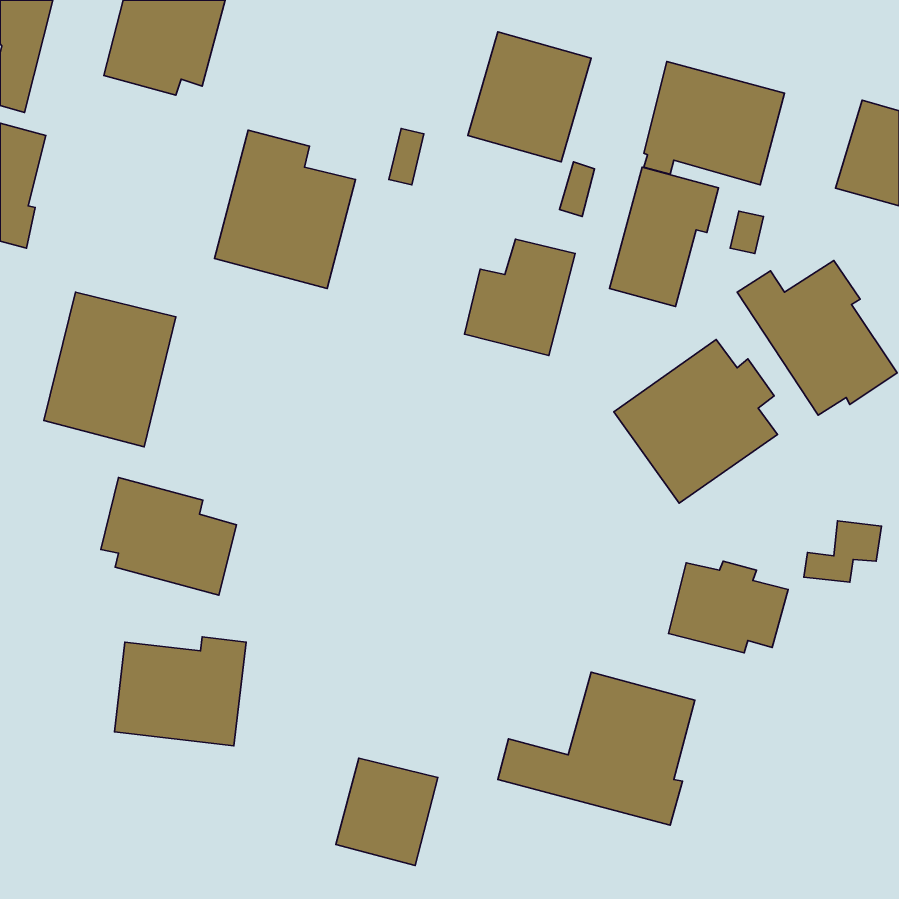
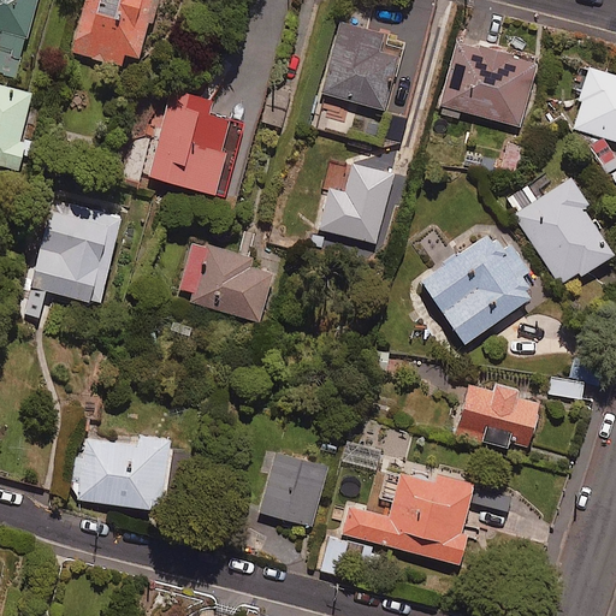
building: [609,167,719,306] -> none
building: [101,477,236,595] -> [179,241,272,321]
building: [336,758,438,865] -> [257,454,327,527]

